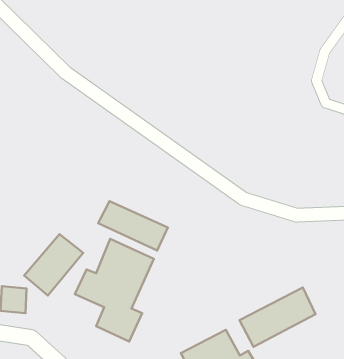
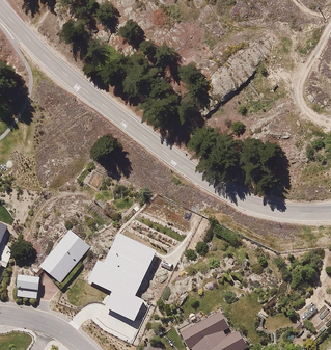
building: [98,201,168,251] -> none
building: [239,287,315,347] -> none

